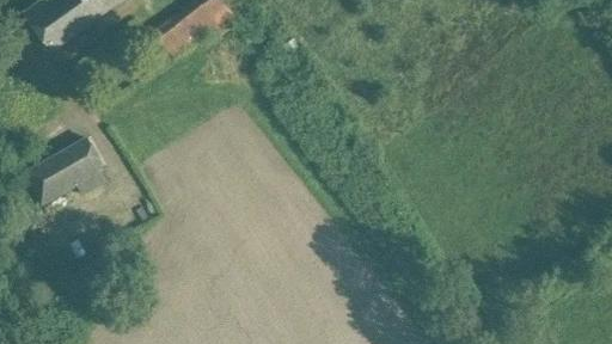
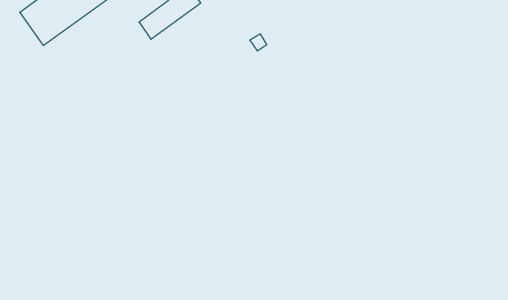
building: [31,140,108,207] -> none

